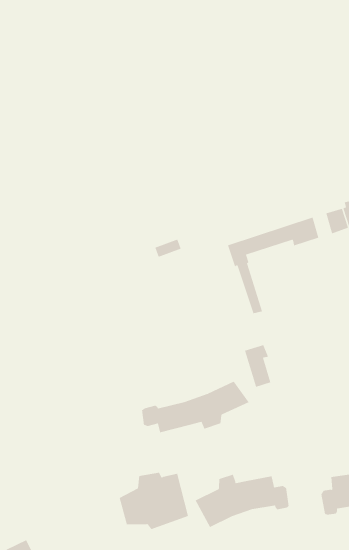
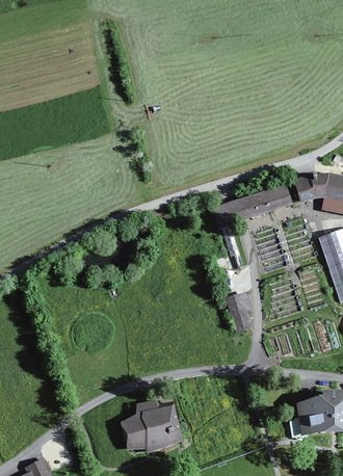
building: [142,381,250,433] -> none
building: [195,474,289,528] -> none

